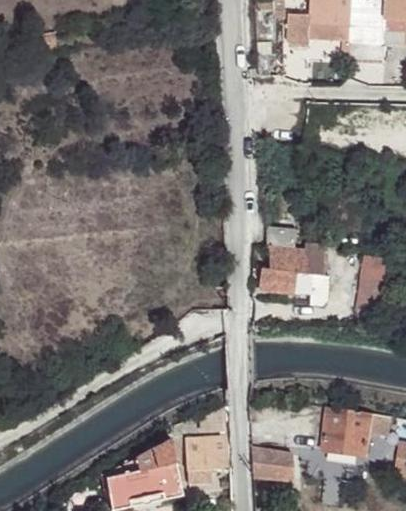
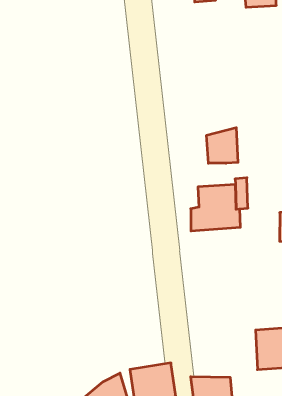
building: none -> [207,128,238,163]

